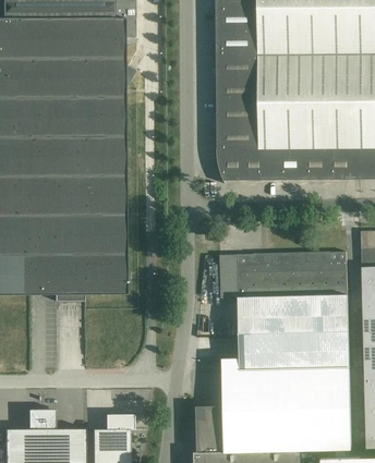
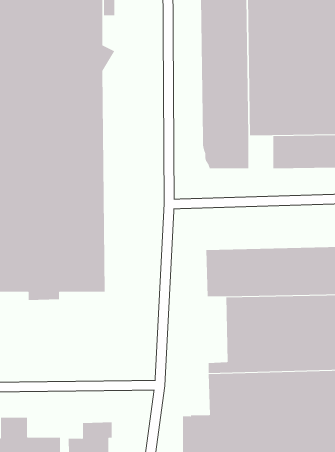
building: [261,149,282,180] -> none

